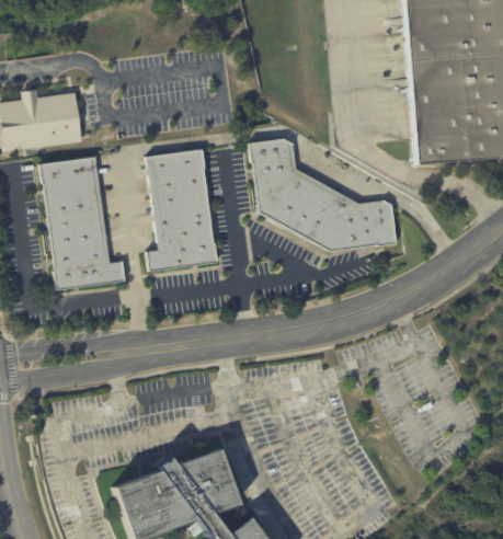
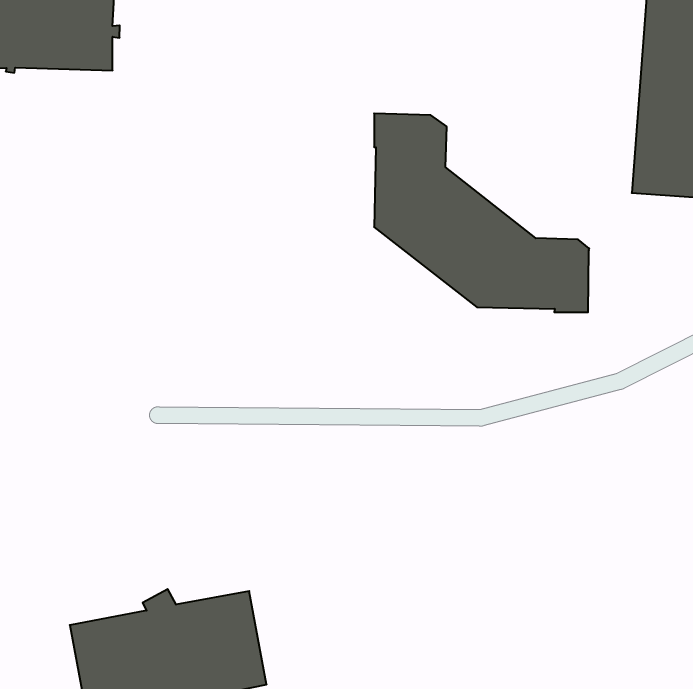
building: [146,148,218,271] -> none
building: [39,156,125,289] -> none

